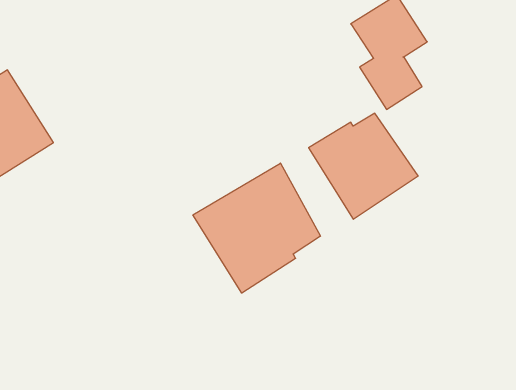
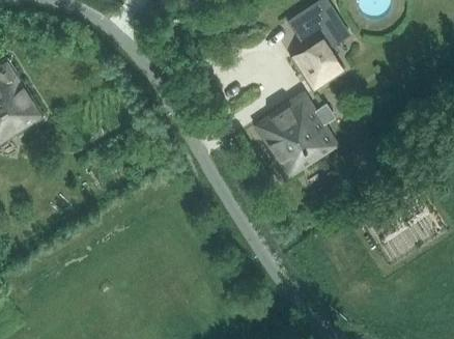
building: [193,163,320,293] -> none

